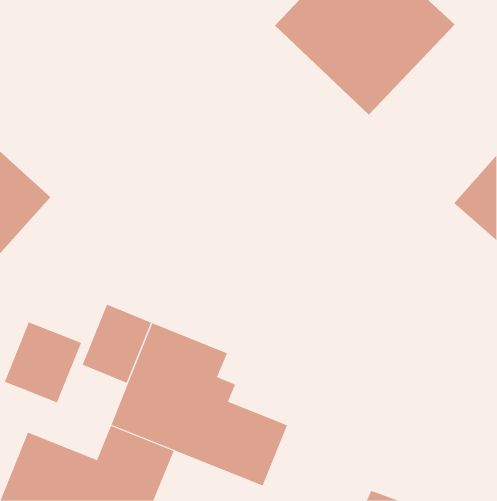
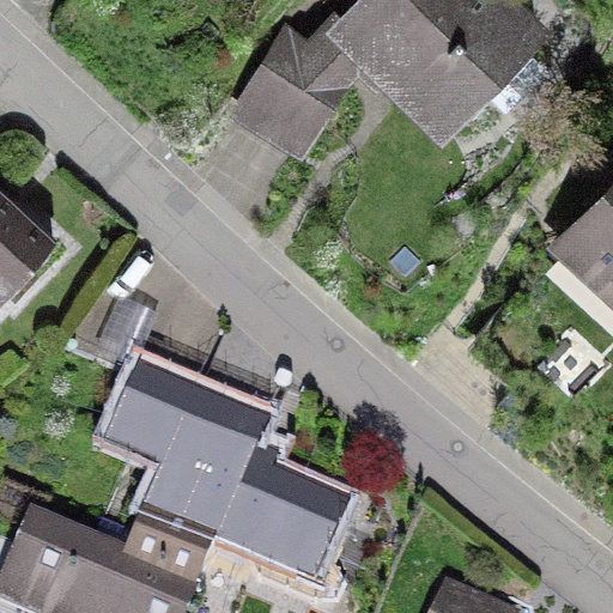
building: none -> [230,25,342,153]
building: [4,321,82,403] -> none

